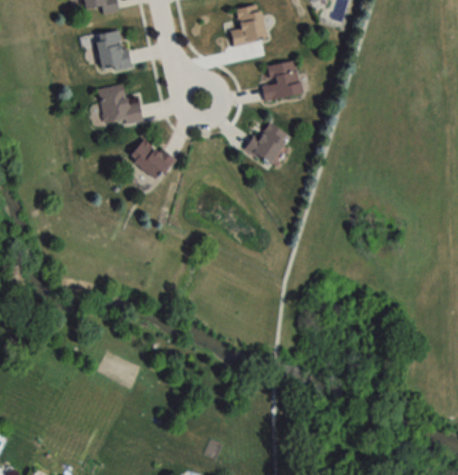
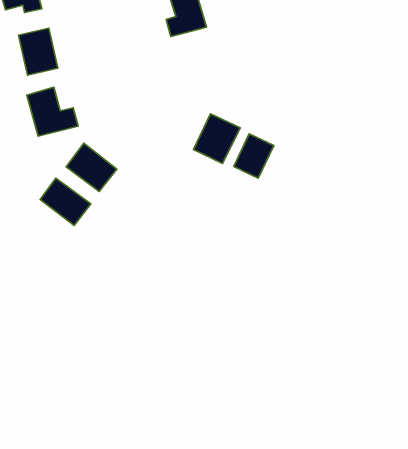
building: [263,61,302,102] -> none
building: none -> [234,134,274,178]
building: none -> [40,178,91,226]

